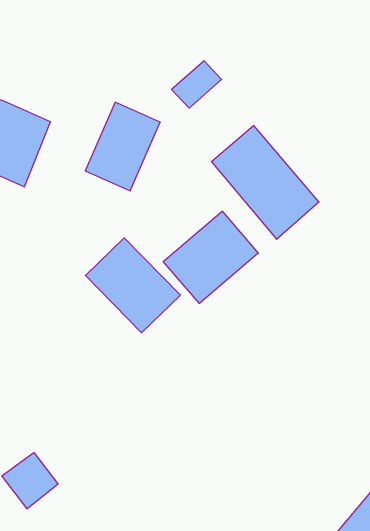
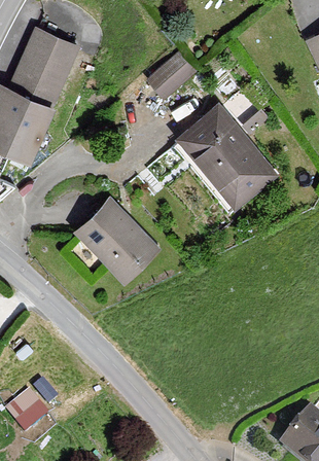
building: [85,102,160,191] -> [11,34,73,107]
building: [163,211,258,303] -> none

